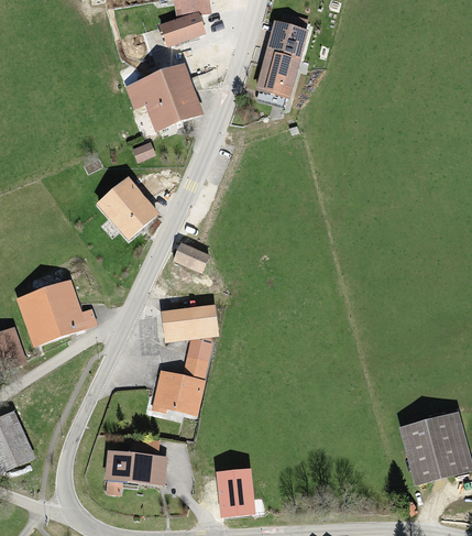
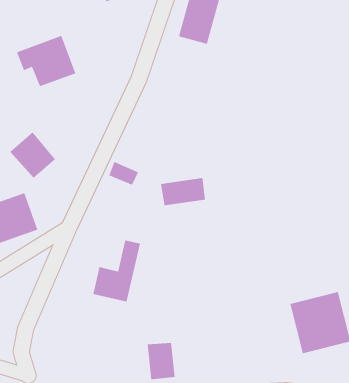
building: [129,64,202,128] -> [16,35,76,87]
building: [98,178,155,237] -> [10,131,56,179]
building: [164,305,220,340] -> [160,177,206,206]
building: [105,437,165,483] -> none

